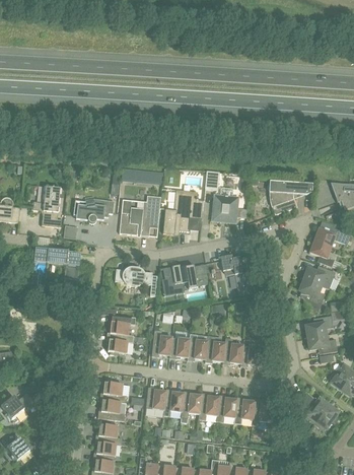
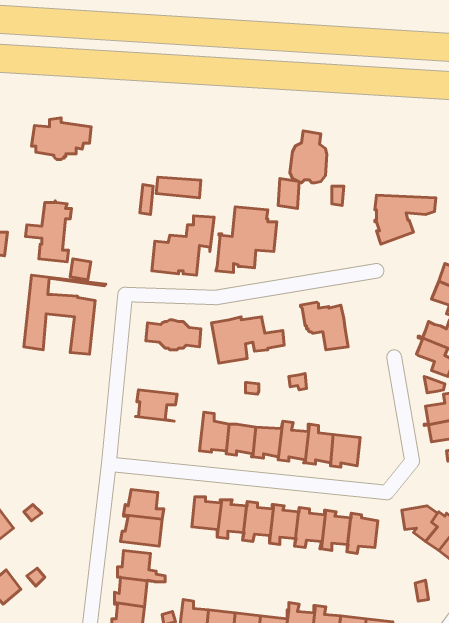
building: [212,186,237,221] -> [290,131,327,183]
building: [73,195,114,223] -> [32,118,91,160]
building: [107,332,134,354] -> none

